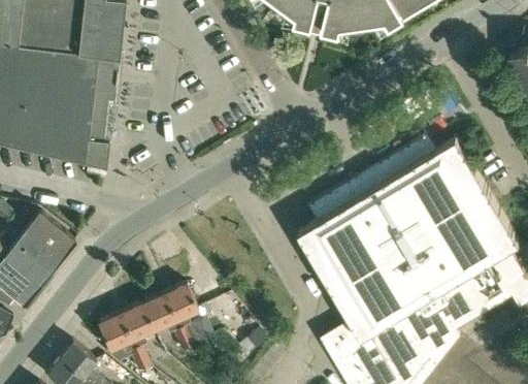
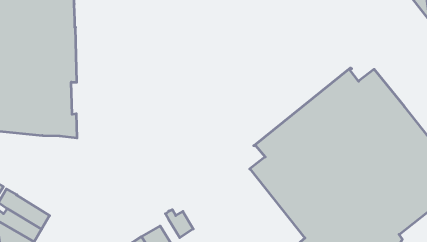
building: [15,212,73,257] -> none
building: none -> [165,210,193,238]

